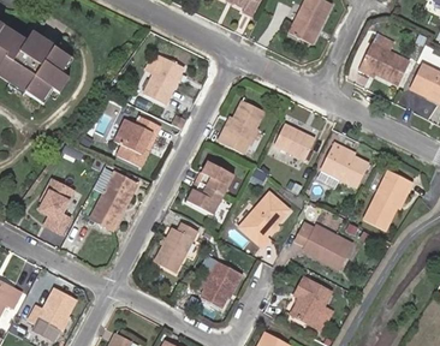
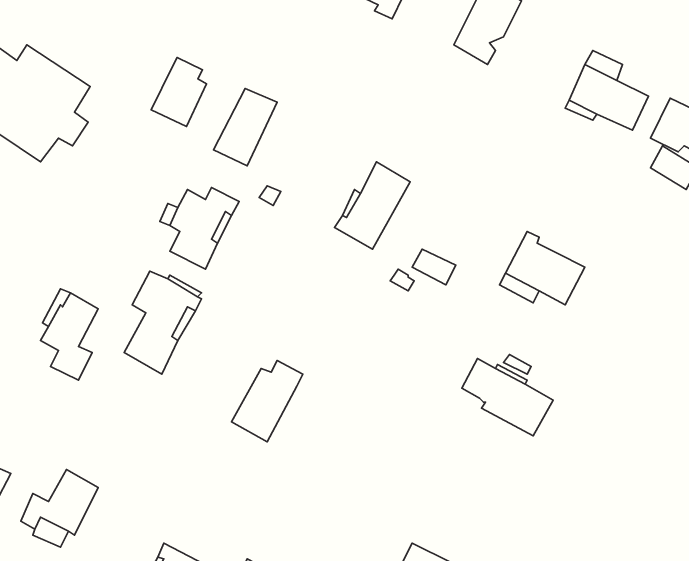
building: none -> [151,58,206,126]
building: [275,124,316,161] -> none
building: [188,162,234,215] -> none
building: [364,172,414,231] -> none
building: [238,192,290,247] -> none
building: [198,264,239,310] -> none
building: [291,276,332,328] -> none

